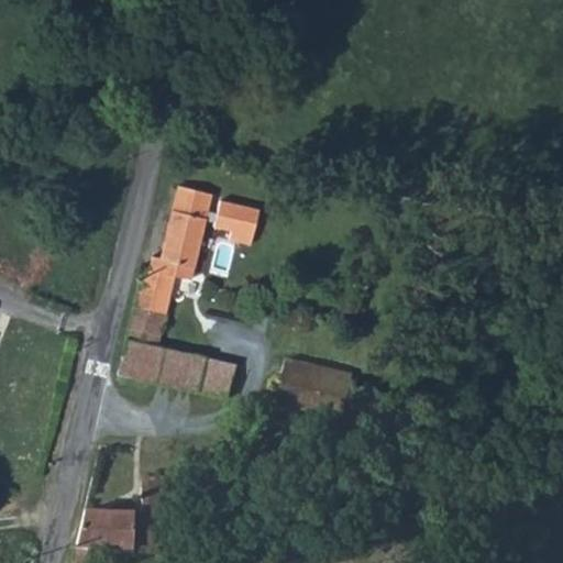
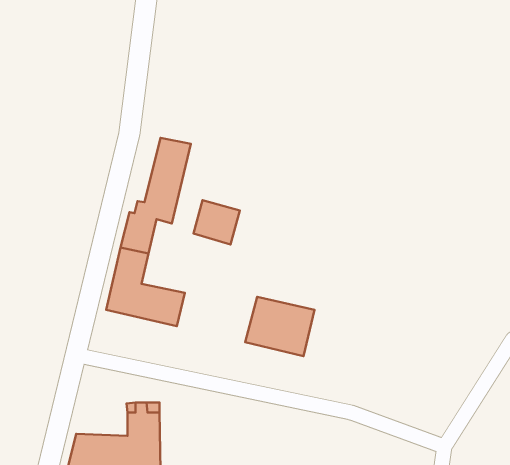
building: [216,195,266,243] -> [193,200,240,245]
building: [197,355,236,398] -> none

